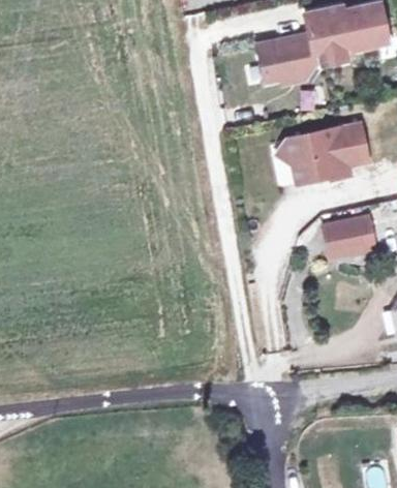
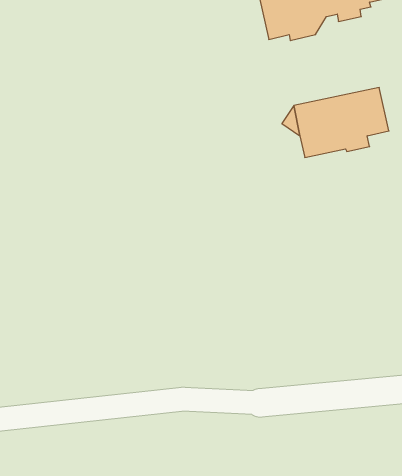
building: [323,218,373,255] -> none

